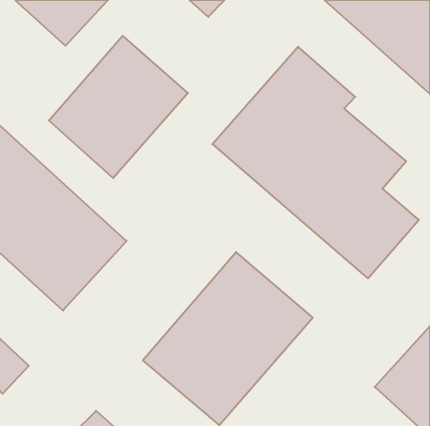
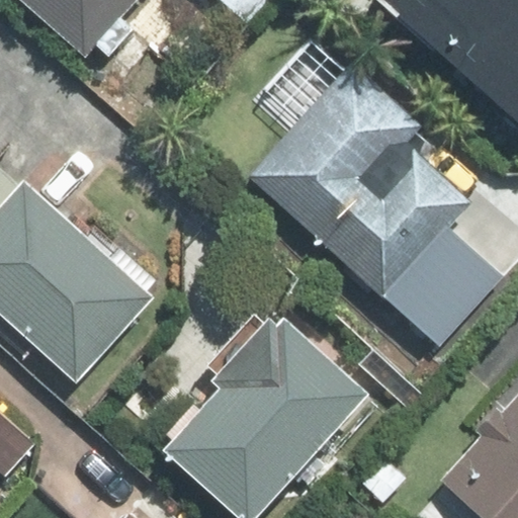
building: [49,36,188,178] -> none

